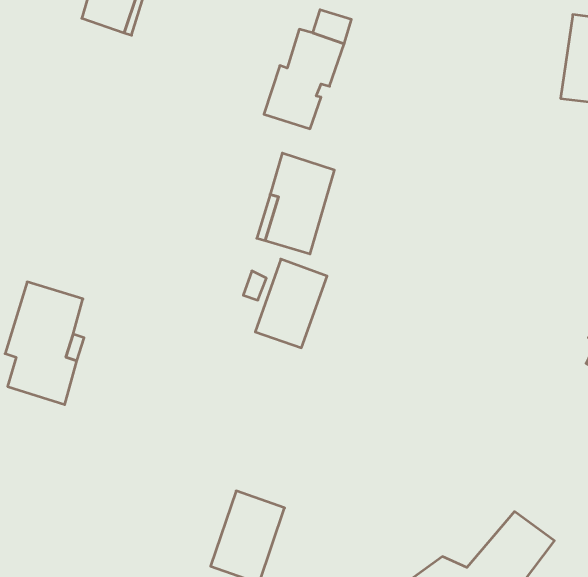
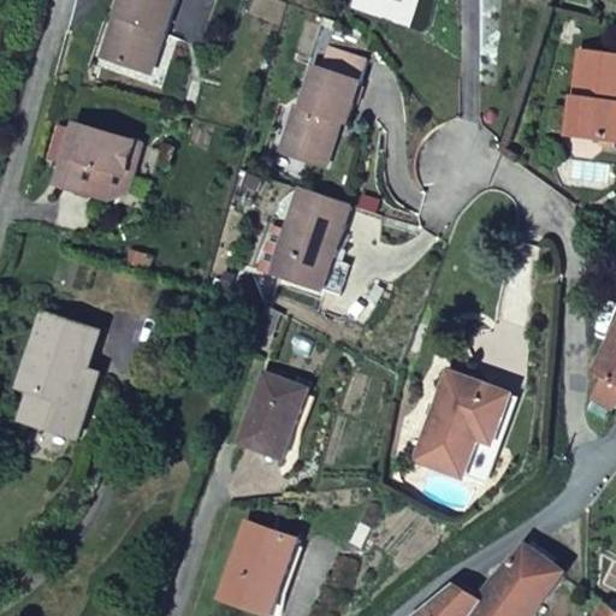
building: none -> [53,122,137,199]
building: [255,259,327,348] -> [239,372,310,460]
building: none -> [416,371,515,479]

